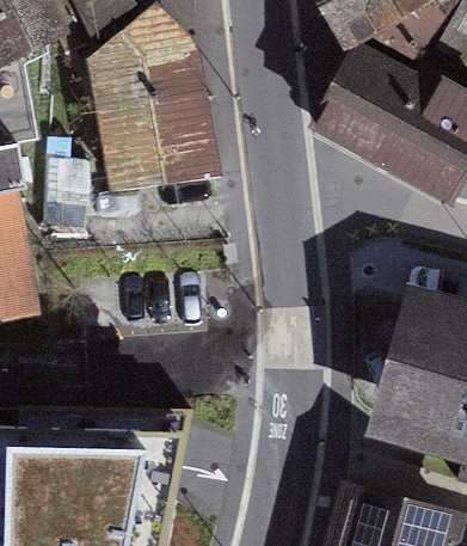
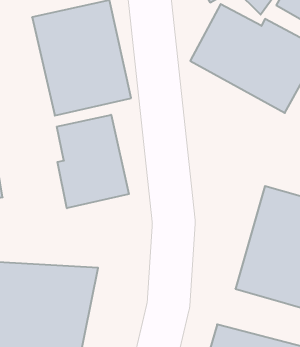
building: none -> [57,115,129,208]

